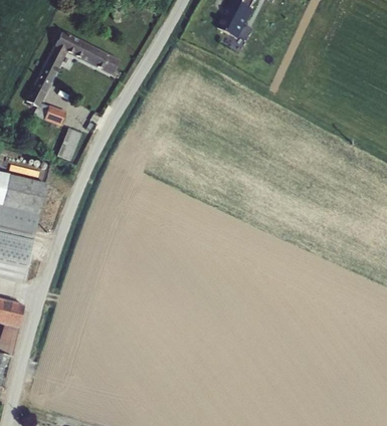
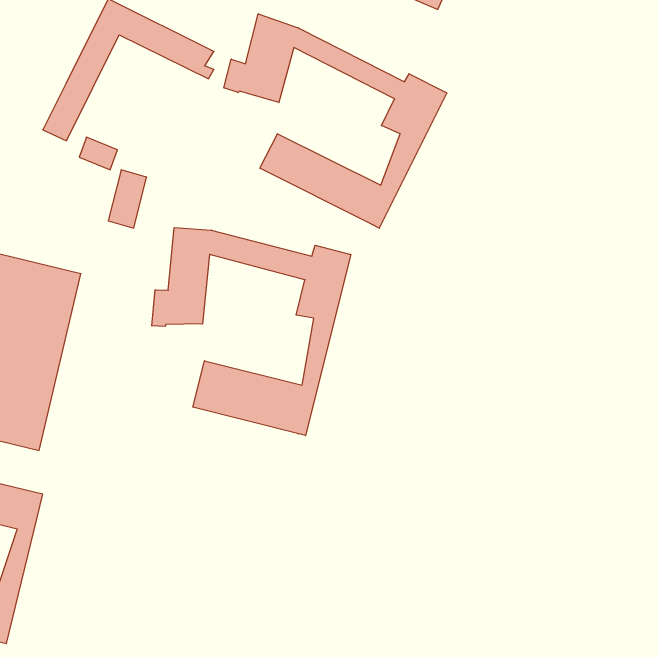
building: none -> [224,14,447,228]
building: none -> [152,228,351,436]

